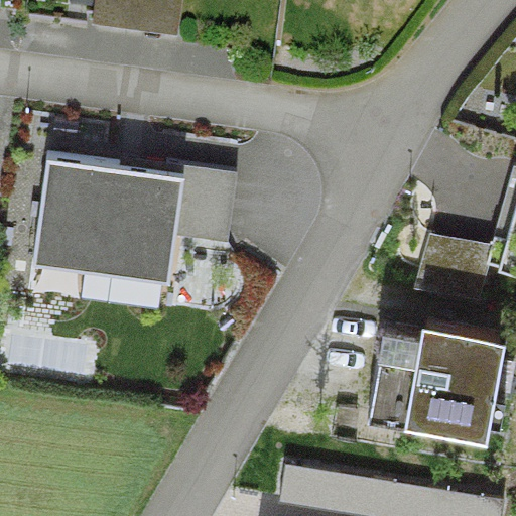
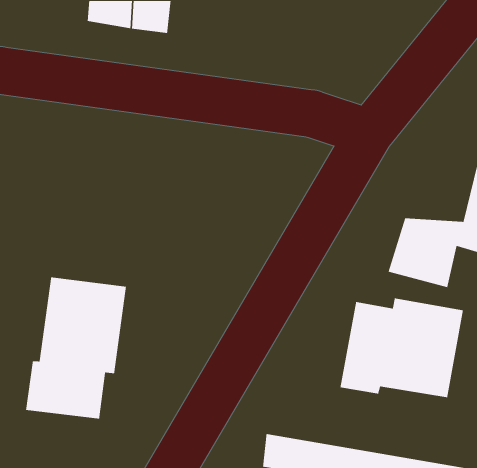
building: [42,161,182,276] -> none
building: none -> [25,277,127,420]

